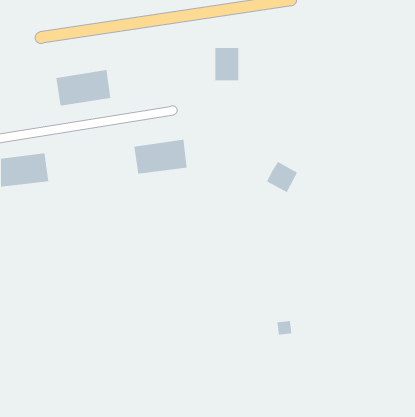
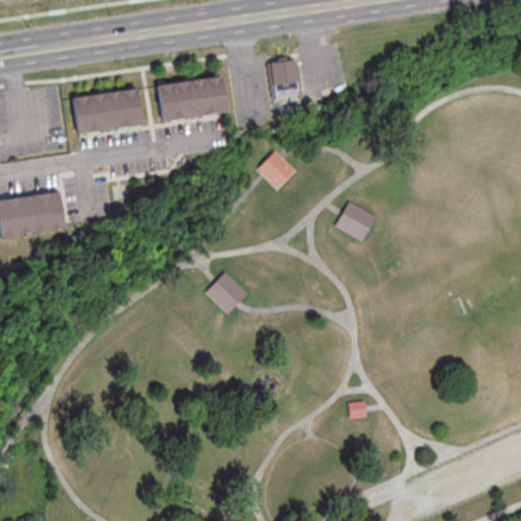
building: none -> [256,151,293,186]
building: [133,139,187,174] -> [158,76,225,120]
building: none -> [205,272,247,313]

